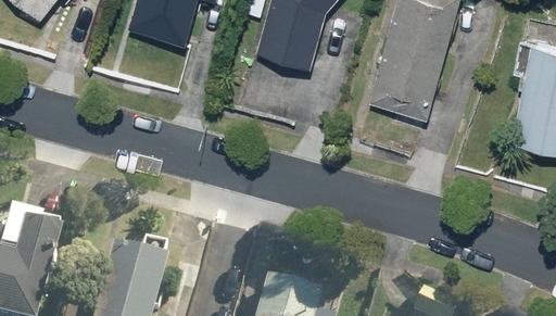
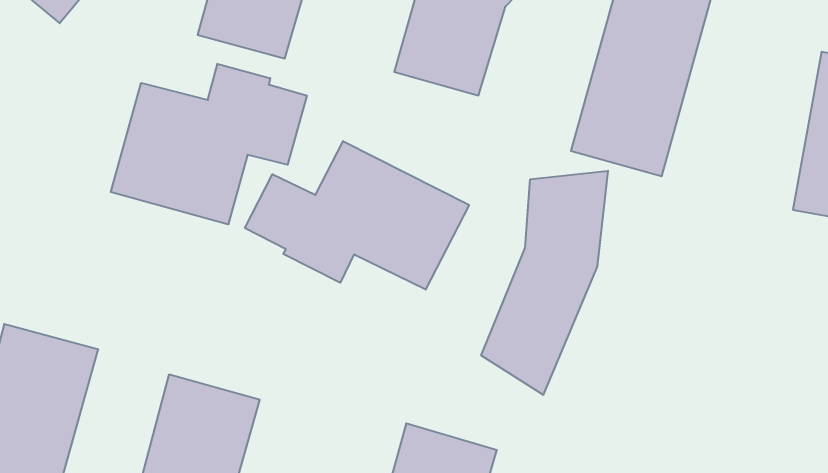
building: none -> [111,64,307,224]
building: none -> [245,141,469,290]
building: none -> [481,171,608,395]

